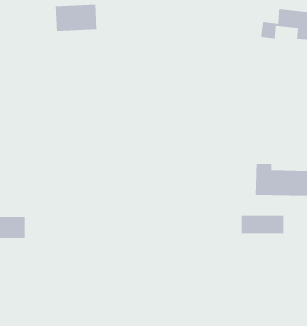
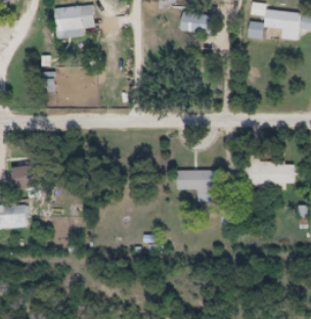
building: none -> [180,12,213,34]
building: none -> [12,166,41,187]
building: [241,215,284,234] -> [177,171,218,189]

